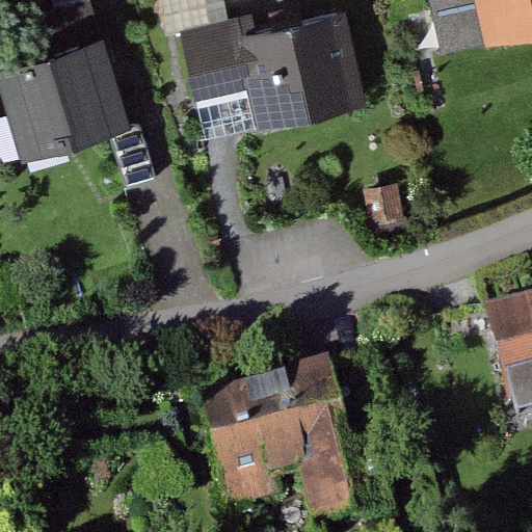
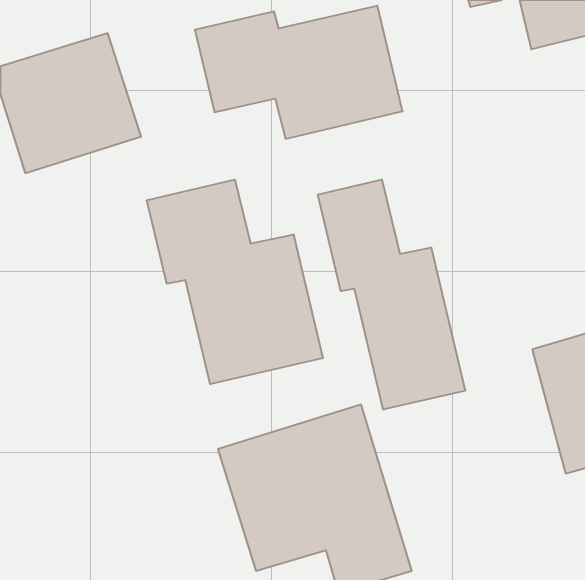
building: none -> [318,180,465,410]
building: none -> [147,180,323,384]

